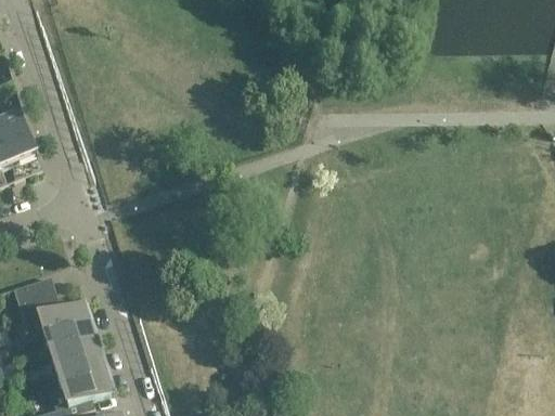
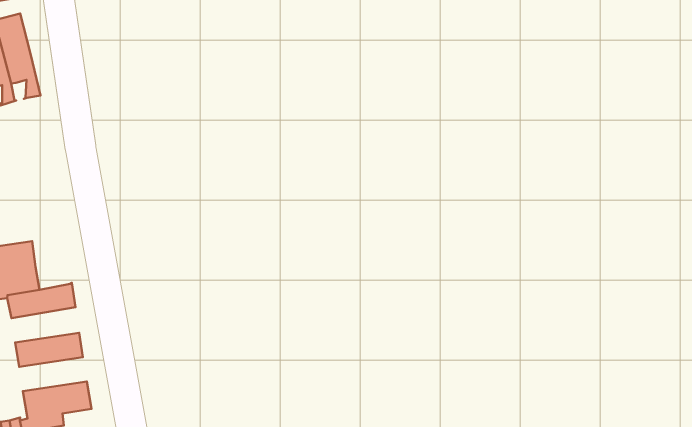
building: [43,317,94,350] -> none
building: [54,353,105,385] -> none

